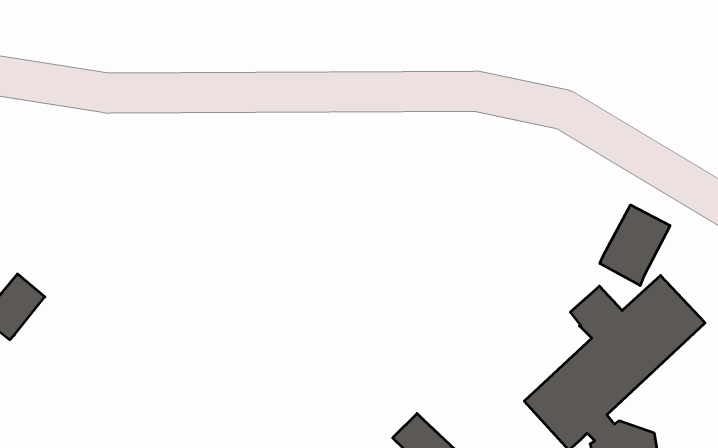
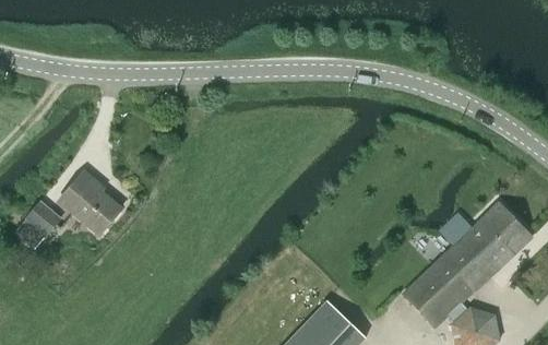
building: [600,205,670,286] -> none
building: none -> [59,170,122,236]

